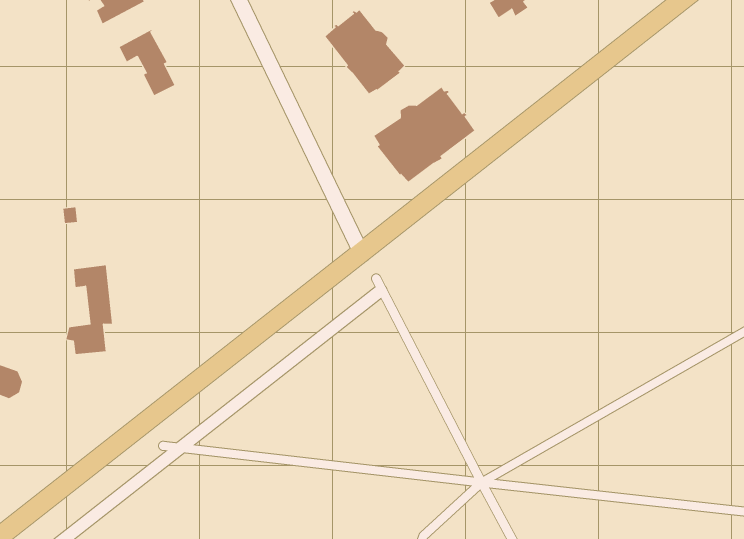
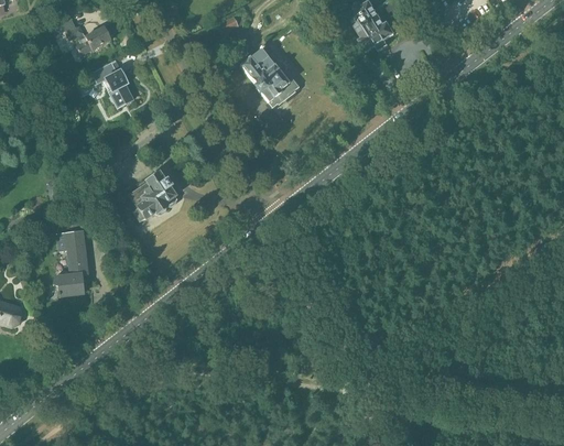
building: [374,86,475,182] -> none
building: none -> [128,173,176,221]

